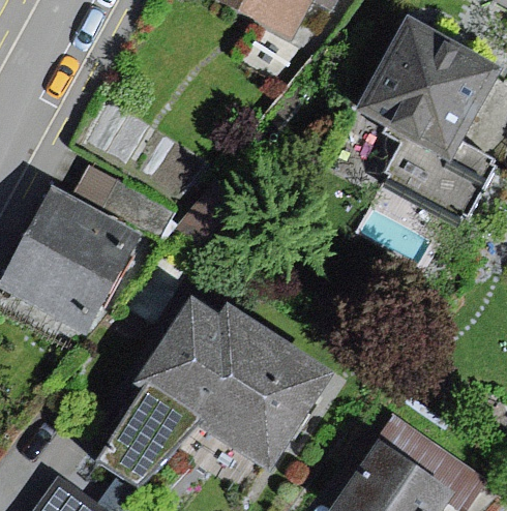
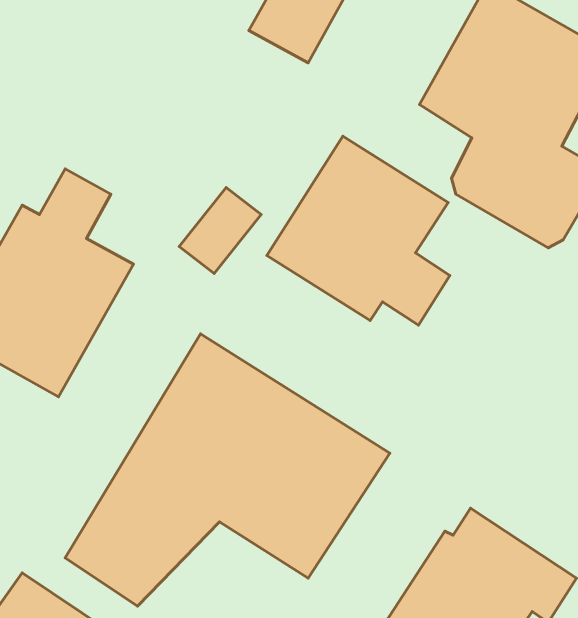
building: none -> [267,136,450,325]

